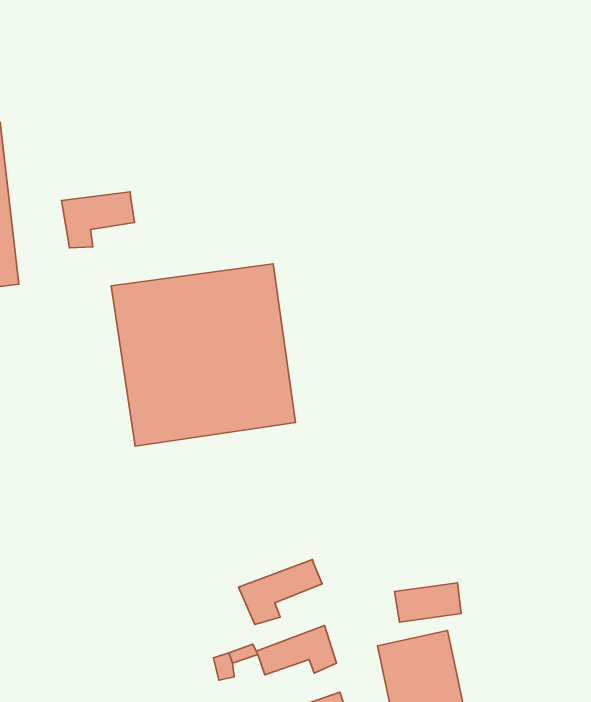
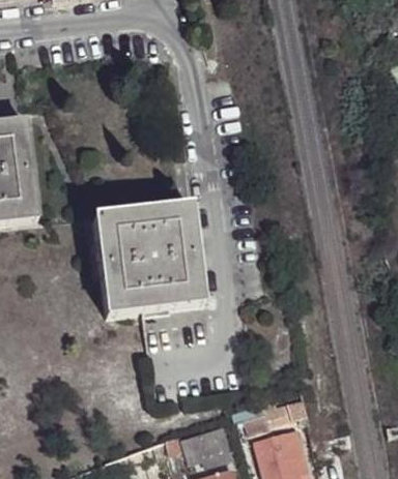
building: [62,192,134,248] -> none
building: [239,559,322,625] -> none

